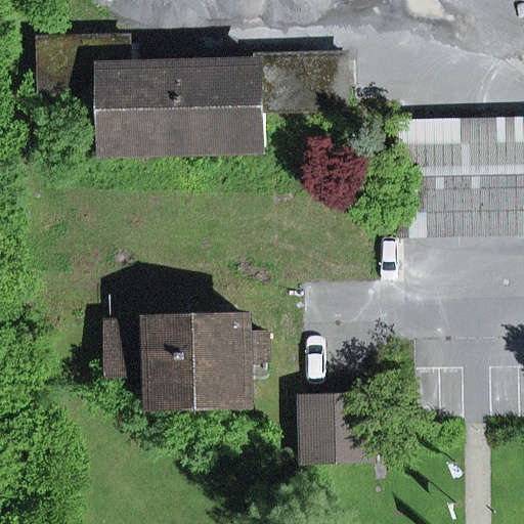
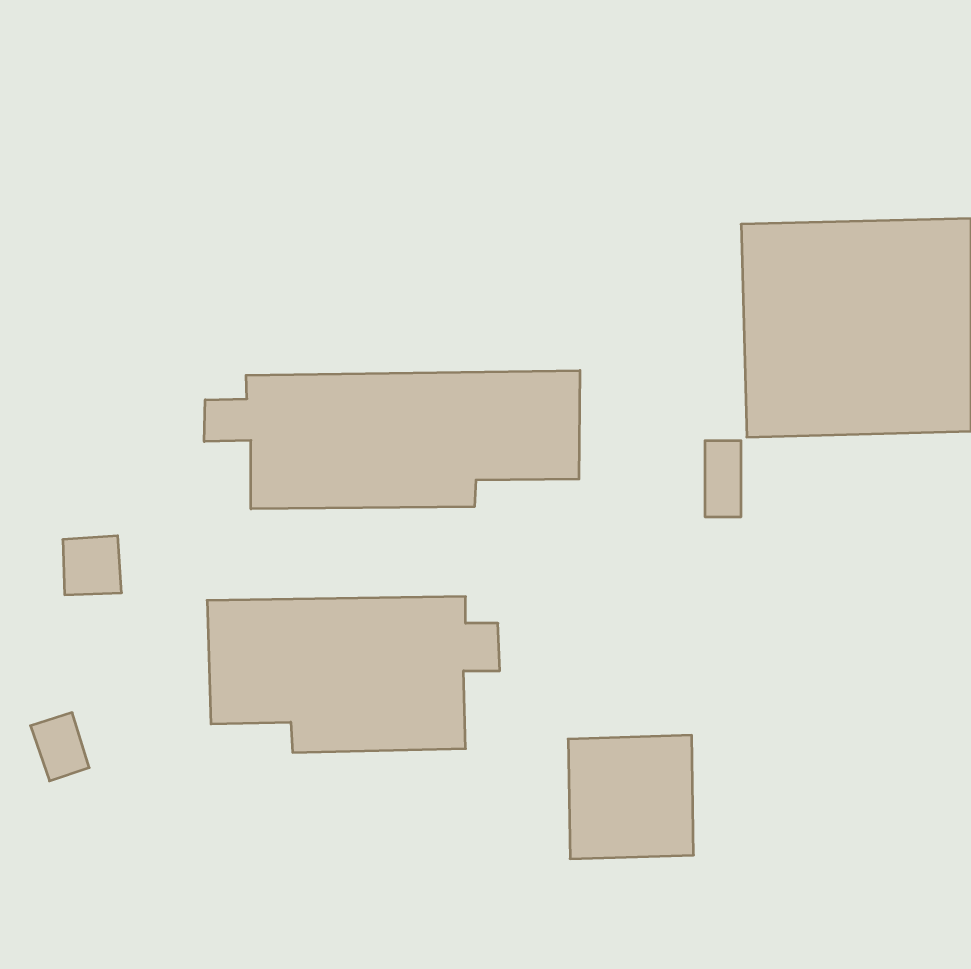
building: [42,39,349,150] -> none
building: none -> [204,370,580,509]

